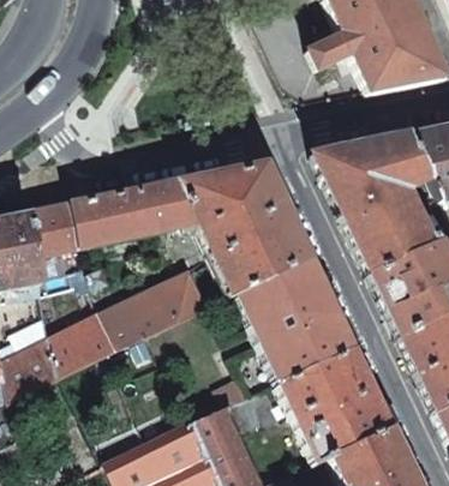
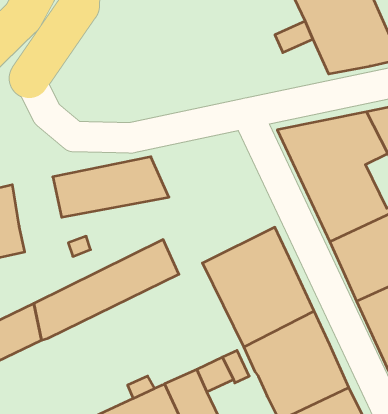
building: [180,160,313,294] -> none
building: [31,200,84,253] -> none

